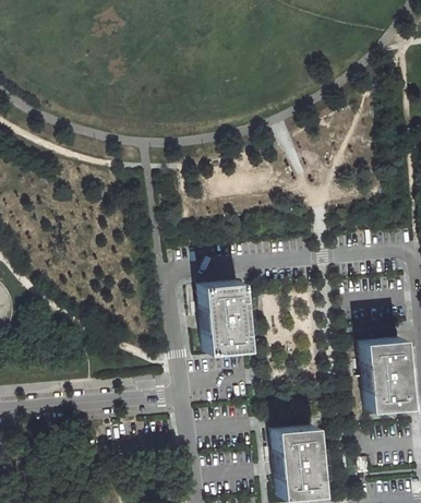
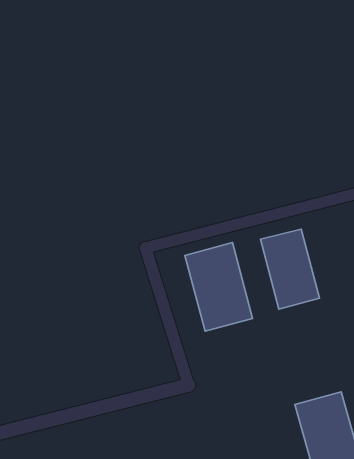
building: none -> [260,229,319,309]

